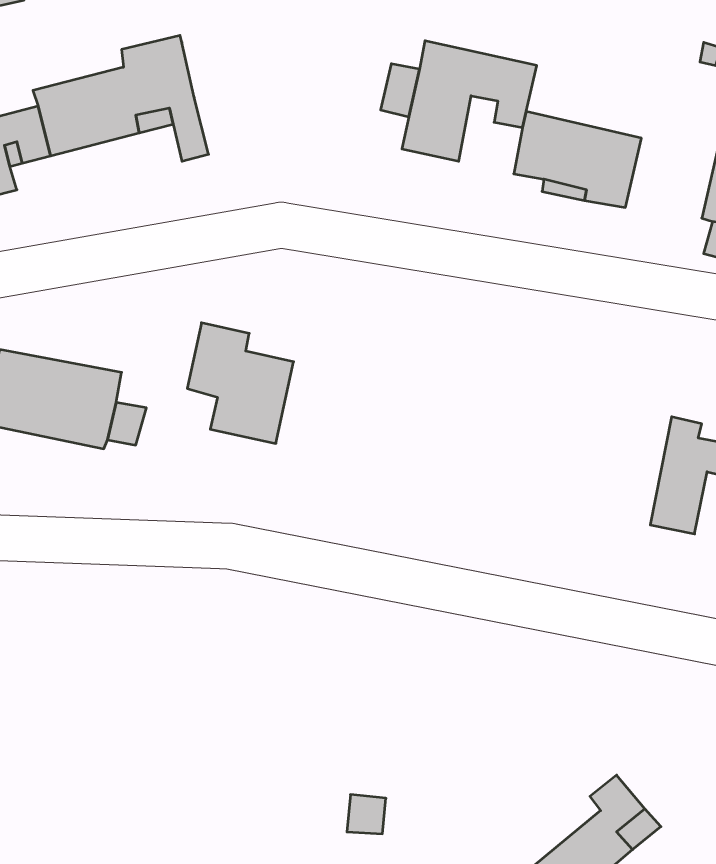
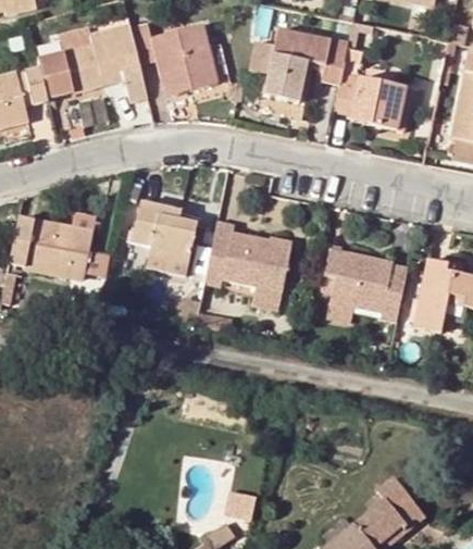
building: none -> [129,24,217,95]
building: none -> [203,220,292,290]
building: none -> [326,250,408,319]

